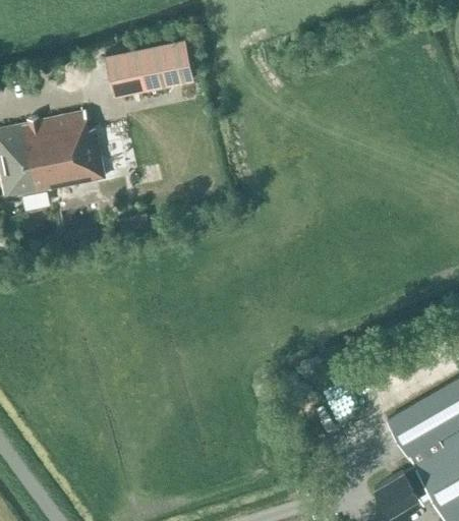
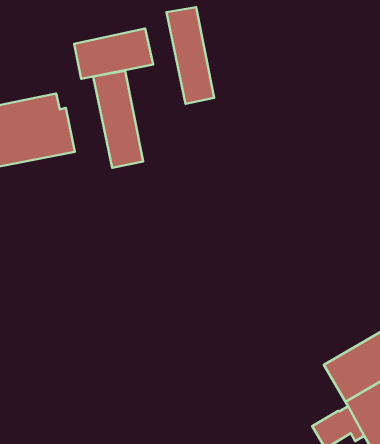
building: none -> [166,7,214,104]
building: none -> [93,71,143,168]

